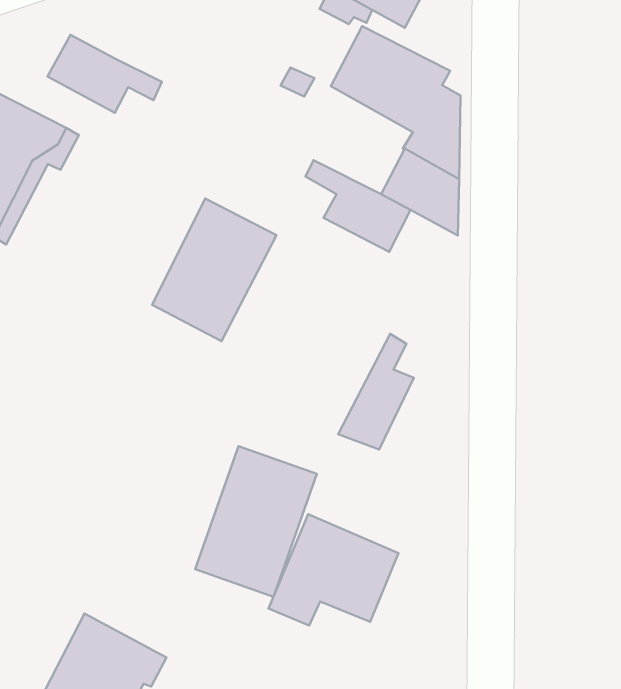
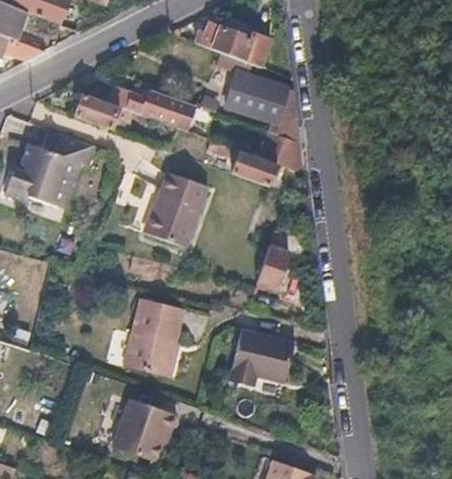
building: none -> [109,86,195,131]
building: [195,446,317,597] -> [126,299,184,376]

